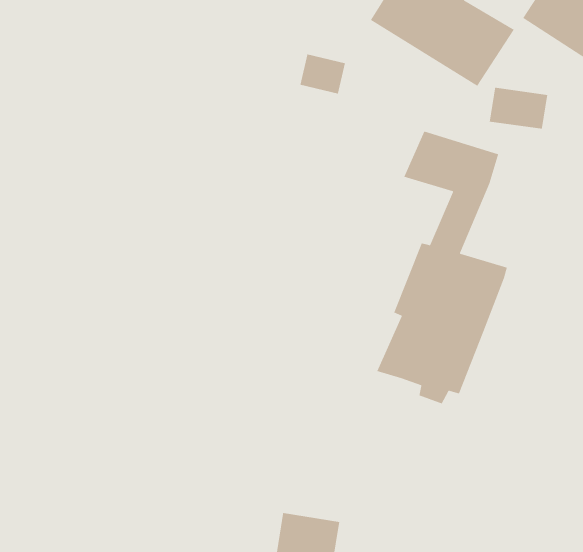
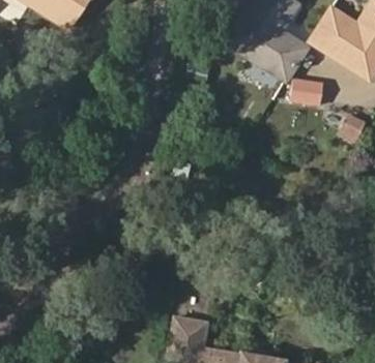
building: [376,131,508,405] -> none

